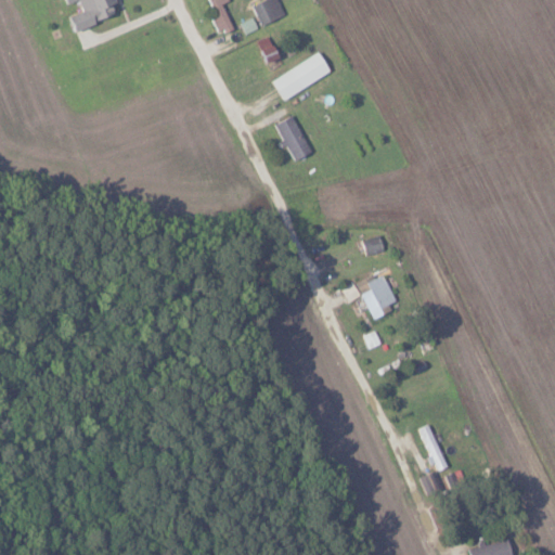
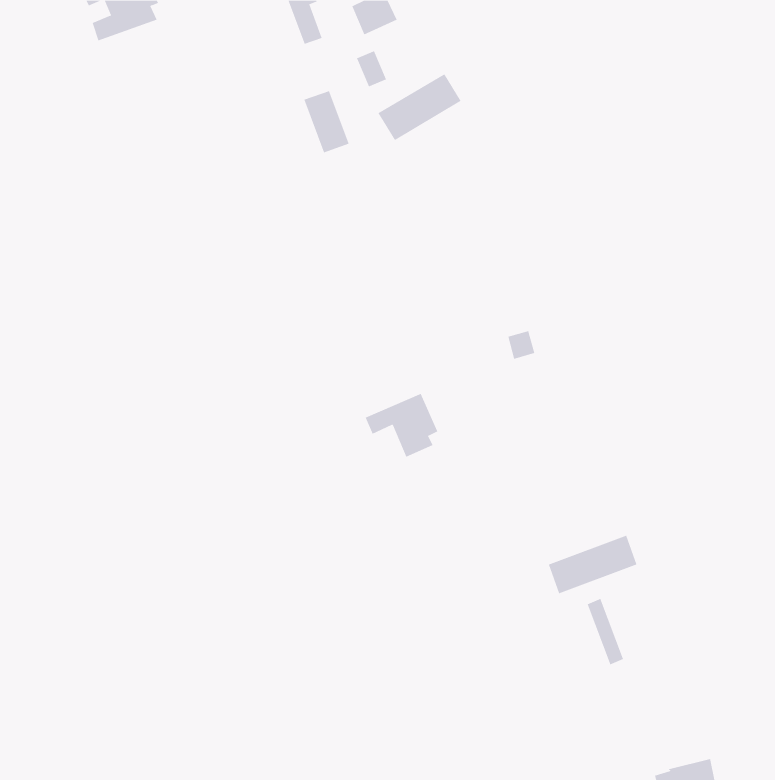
building: [278,116,310,160] -> [304,90,350,153]
building: [344,274,396,320] -> [365,393,438,457]
building: none -> [548,535,637,594]

